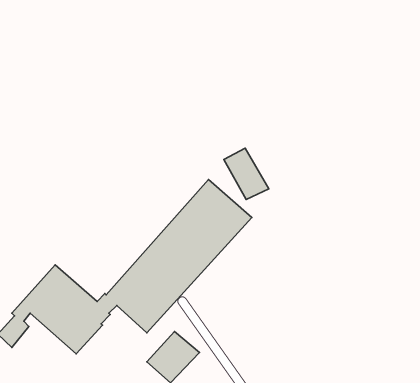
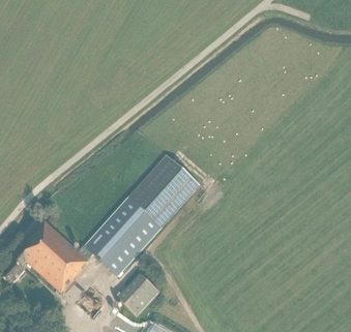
building: [224,148,269,200] -> none

